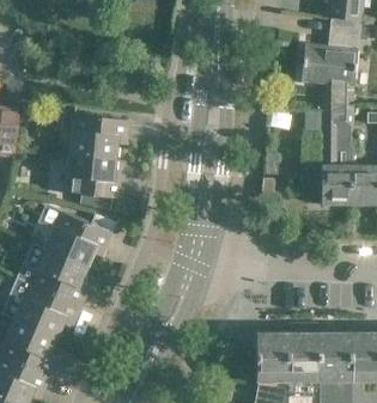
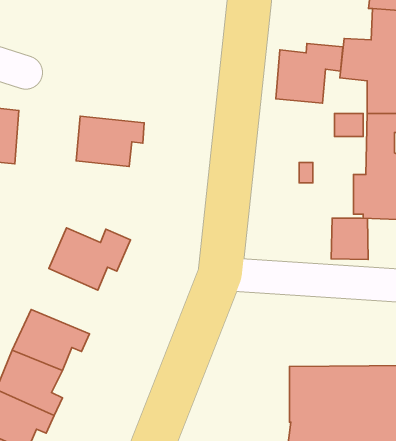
building: none -> [276,43,343,103]
building: [65,153,122,212] -> none
building: none -> [331,218,368,259]
building: [29,248,87,305] -> none

